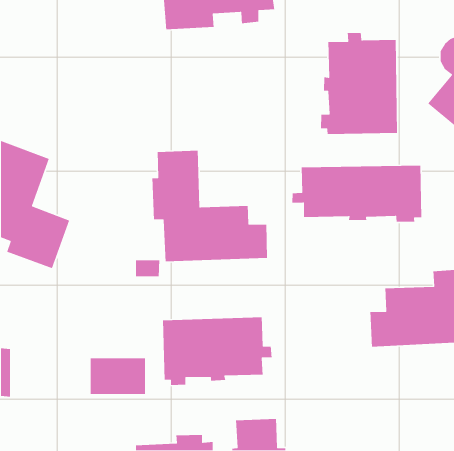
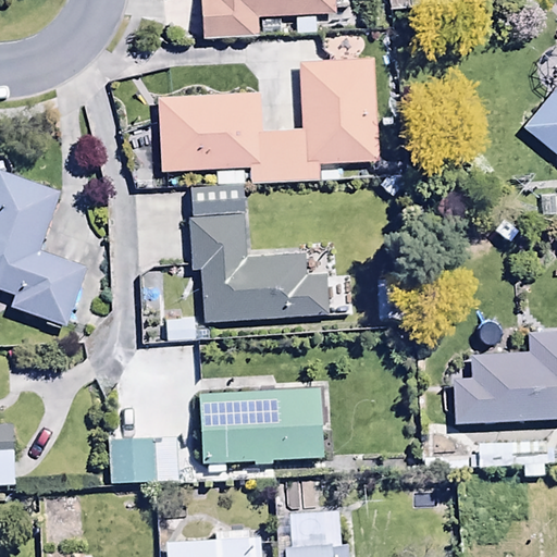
building: [320,32,398,135] -> none
building: none -> [160,59,377,185]
building: [292,165,422,223] -> none

